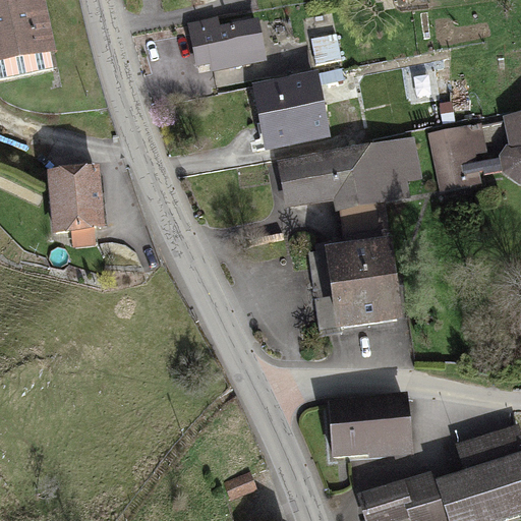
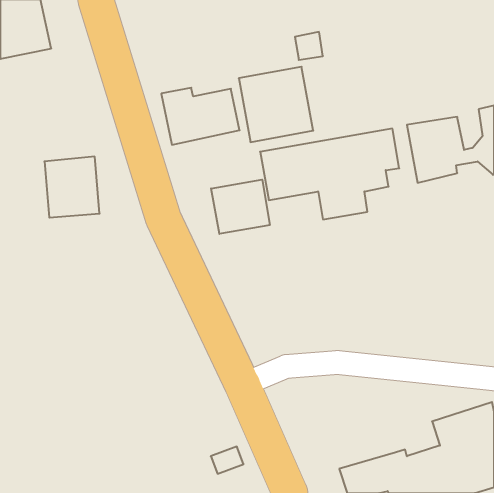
building: [186,16,269,76] -> [161,88,240,145]
building: none -> [211,180,270,234]
building: [325,238,400,329] -> none
building: [326,392,412,459] -> none

